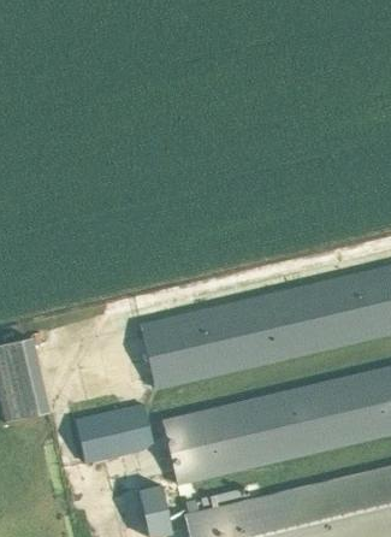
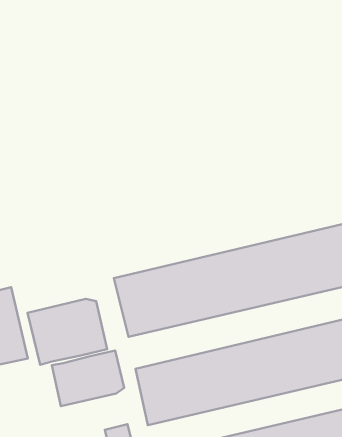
building: none -> [28,299,107,365]

